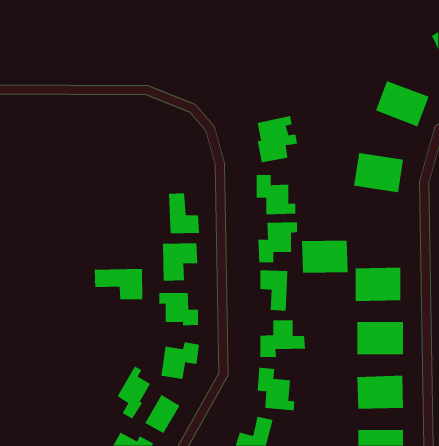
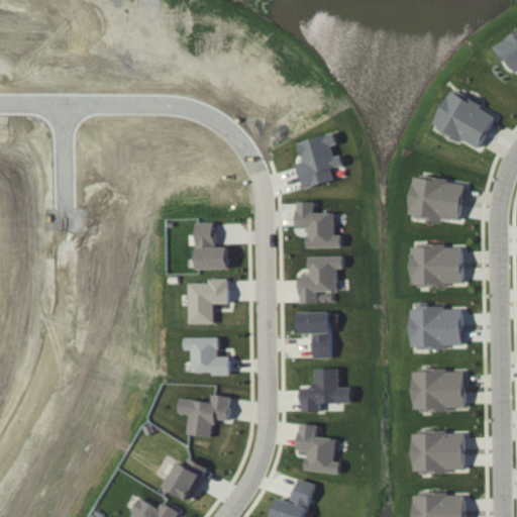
building: [301,240,349,273] -> [409,246,463,285]
building: [94,268,143,300] -> none
building: [117,366,151,420] -> none

